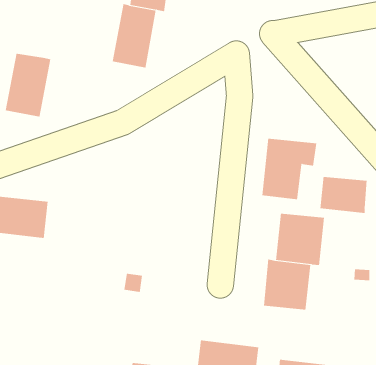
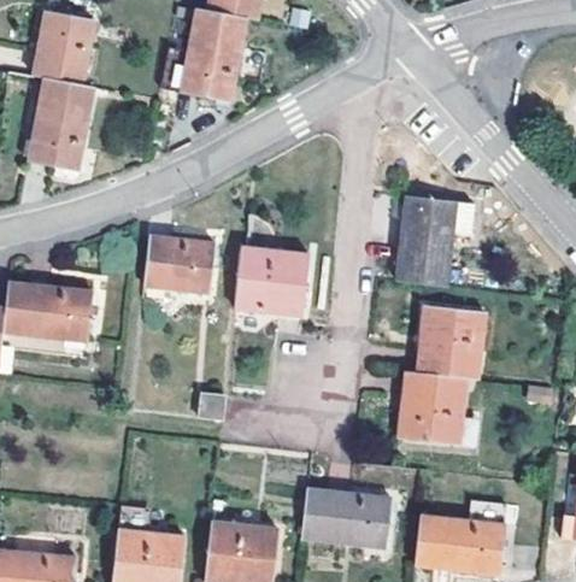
building: none -> [34,11,95,83]
building: none -> [143,235,213,294]
building: none -> [235,247,306,317]
building: [320,176,367,214] -> none

